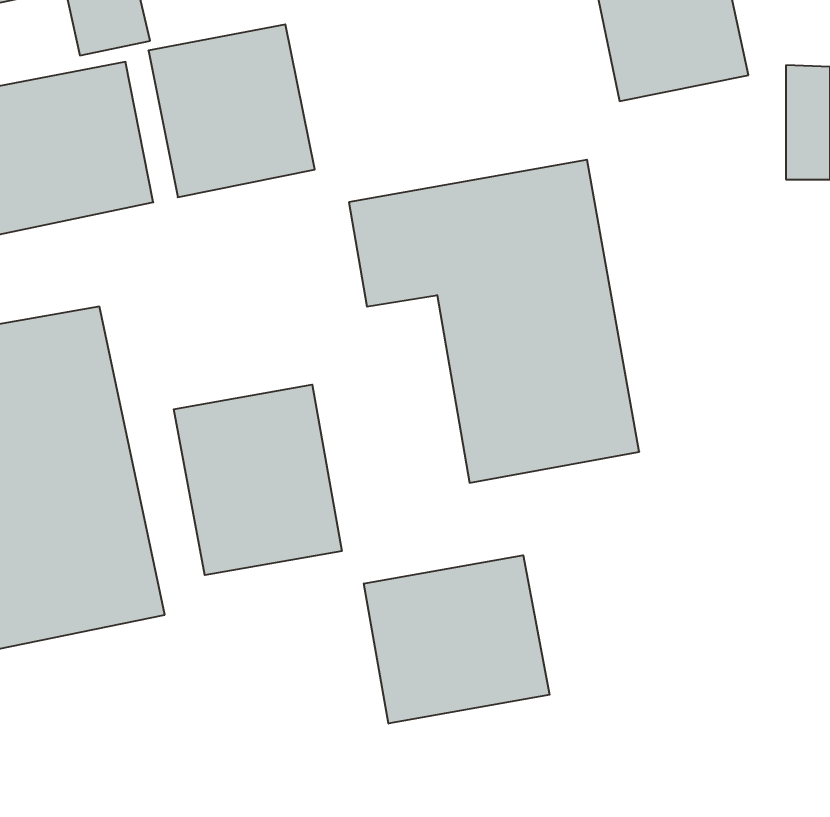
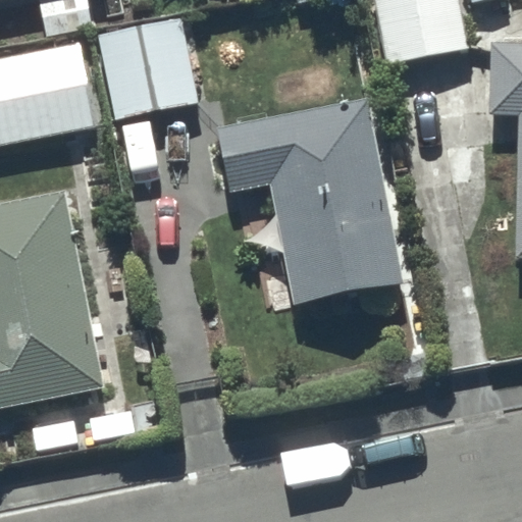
building: [174,385,342,575] -> none
building: [364,555,550,724] -> none

